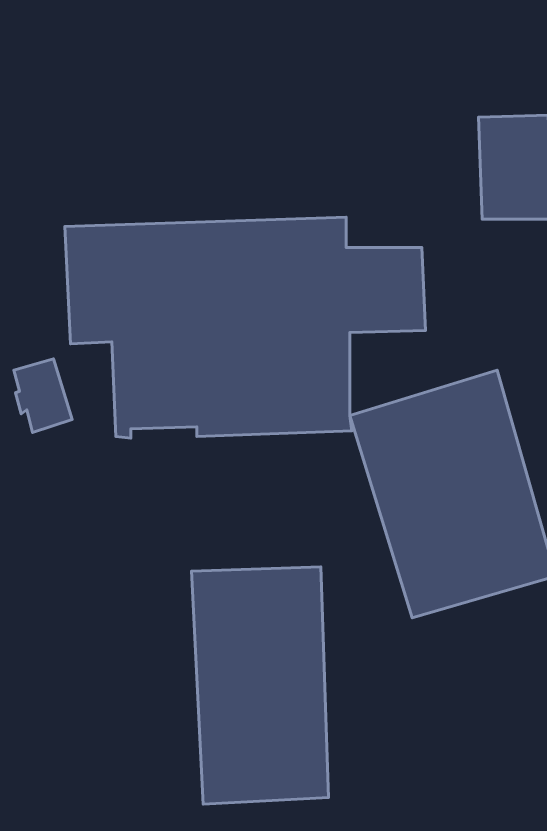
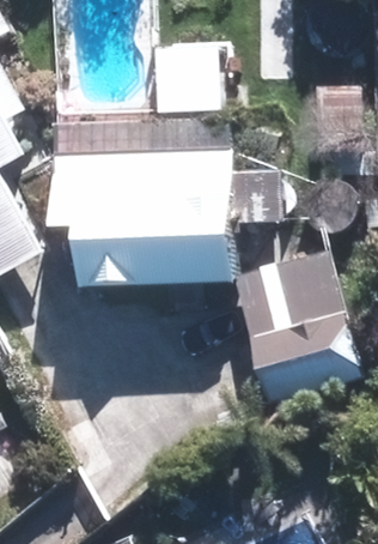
building: [192,567,328,804] -> none

